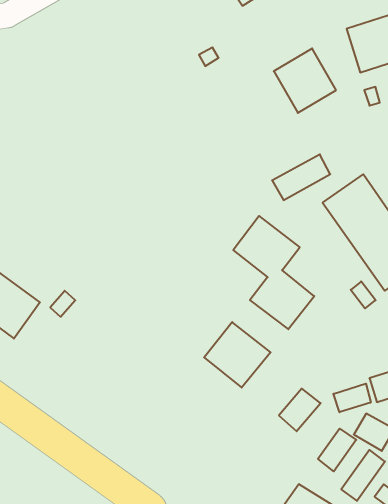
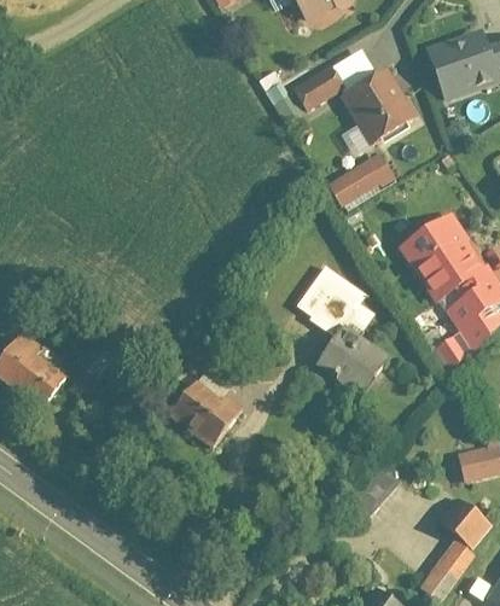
building: none -> [295,52,373,111]
building: [272,154,330,200] -> [330,153,397,206]
building: [204,322,271,388] -> [171,375,249,451]
building: [333,384,371,412] -> none
building: [318,429,356,471] -> none

